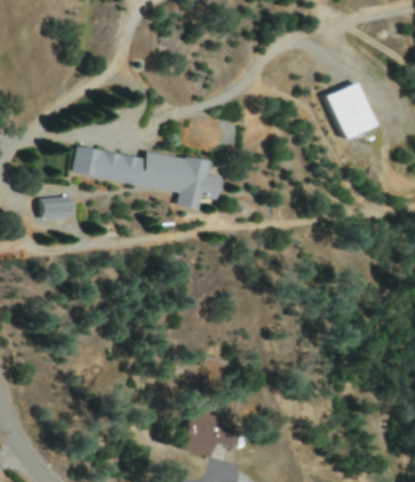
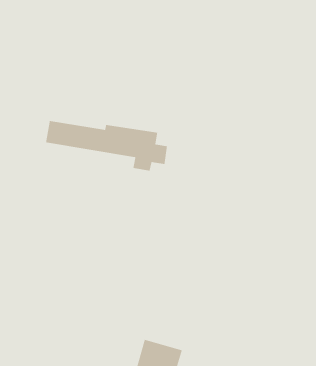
building: [328,82,377,140] -> none
building: [41,197,70,218] -> none

